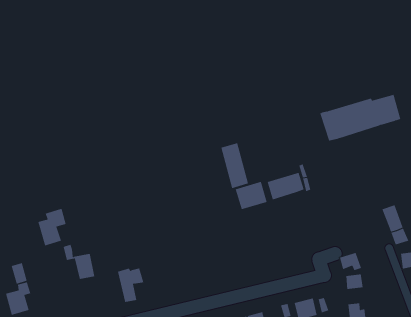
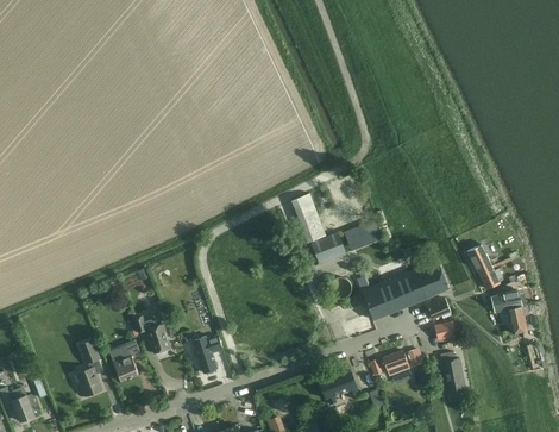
building: [320,94,401,141] -> [362,263,448,319]
building: [38,208,66,246] -> [111,339,142,381]

